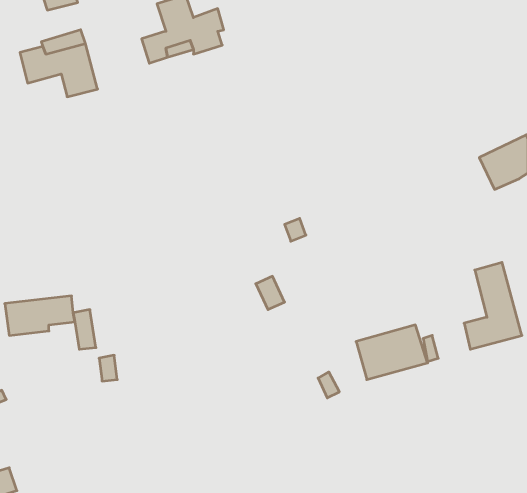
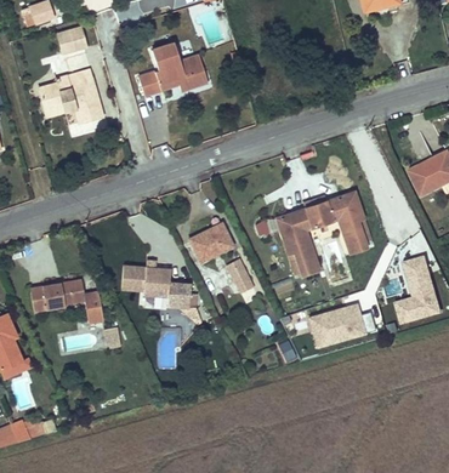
building: none -> [274,192,368,277]
building: none -> [191,222,233,260]
building: none -> [121,263,200,325]

